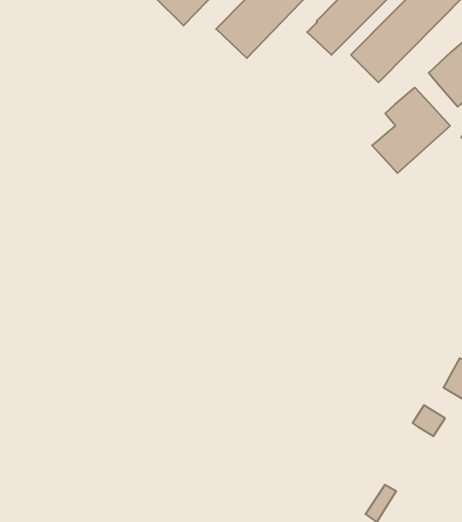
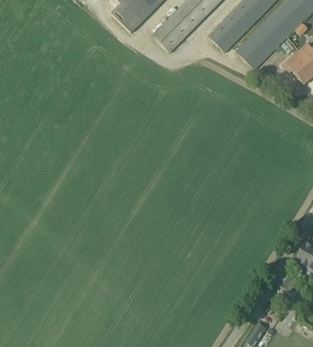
building: [372,88,450,173] -> none

